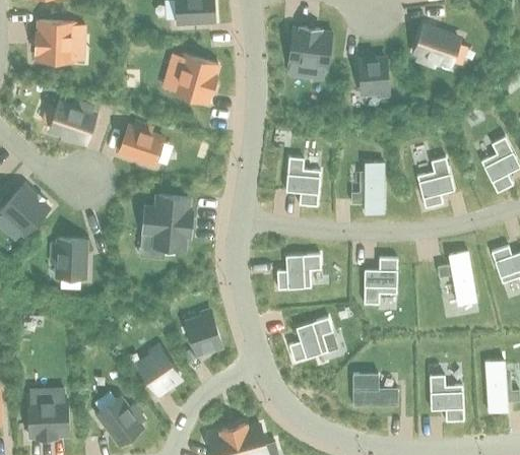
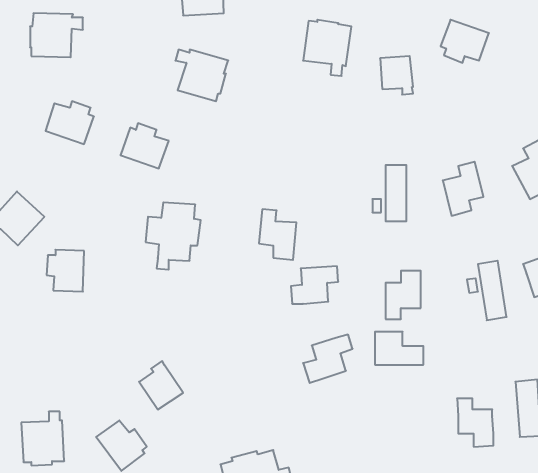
building: [285,160,320,207] -> [259,209,296,260]
building: [186,309,221,353] -> none
building: [352,376,397,406] -> [375,332,423,365]

